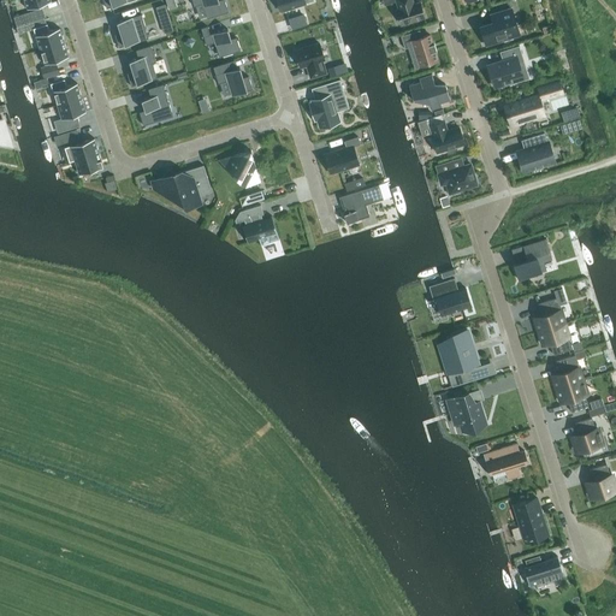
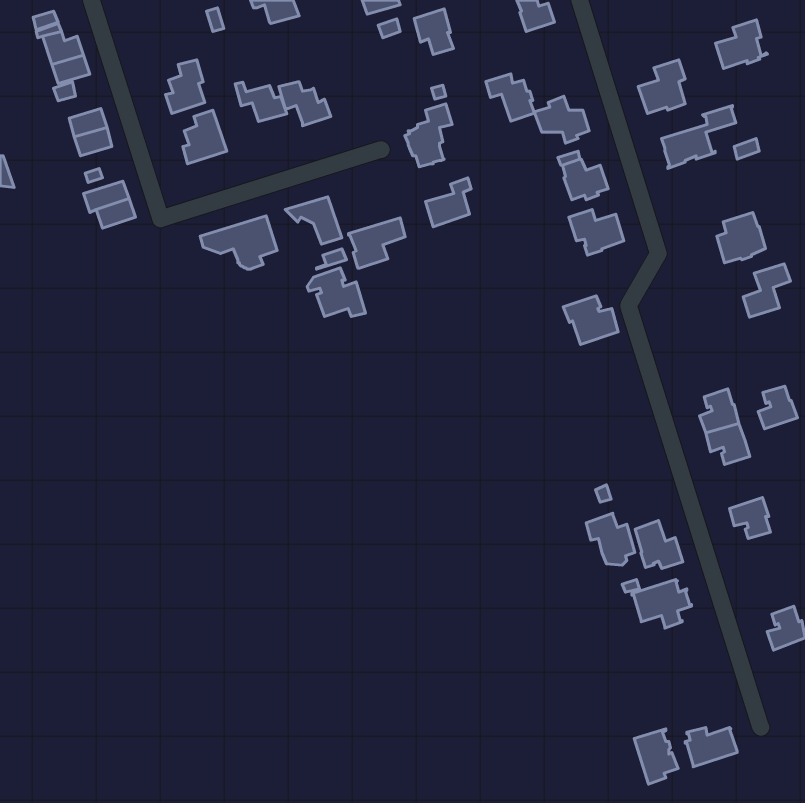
building: [480,10,520,47] -> [716,20,768,68]
building: [114,16,148,48] -> none
building: [201,28,241,58] -> [235,82,287,122]
building: [401,31,438,67] -> [486,74,535,121]
building: [296,43,326,78] -> [414,9,454,55]
building: [516,134,553,172] -> [717,212,766,263]
building: [339,185,383,224] -> [348,218,405,268]
building: [514,239,550,280] -> [743,264,790,317]
building: [428,279,470,316] -> [563,296,618,345]
building: [438,331,478,373] -> none
building: [552,357,582,390] -> [758,386,797,429]
building: none -> [635,521,683,569]
building: [571,419,603,456] -> none
building: [513,498,546,540] -> [634,729,678,784]

